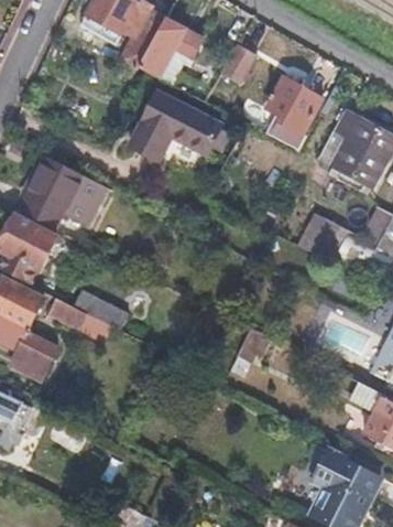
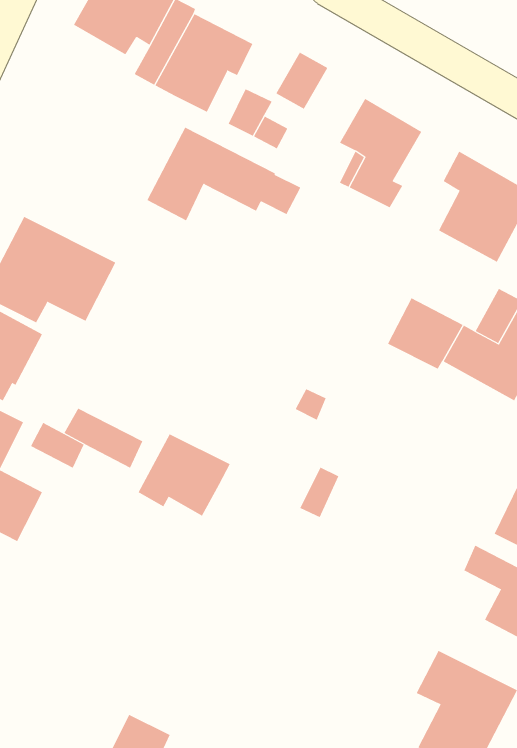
building: none -> [138,434,230,516]

